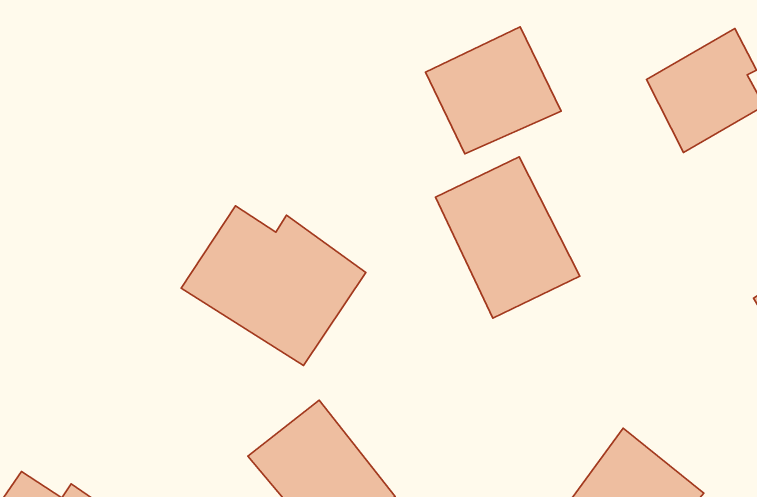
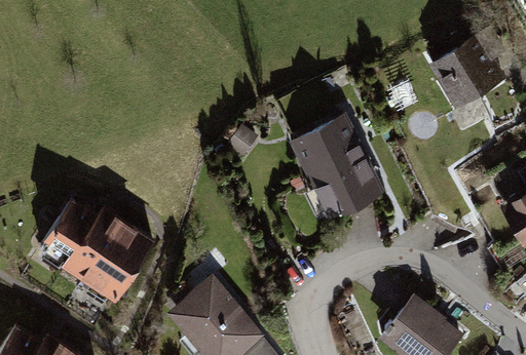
building: [426,27,561,154] -> none
building: [181,206,366,366] -> [33,196,155,302]

